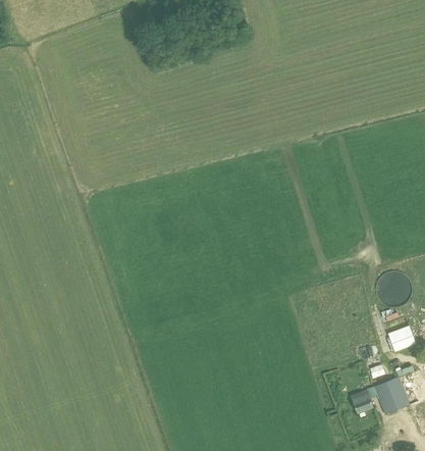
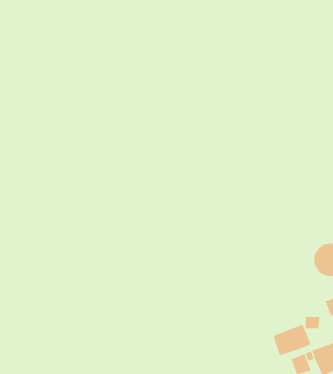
building: none -> [273,324,311,356]

